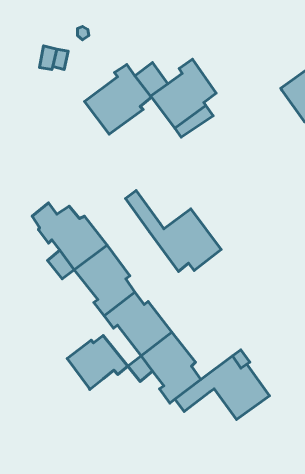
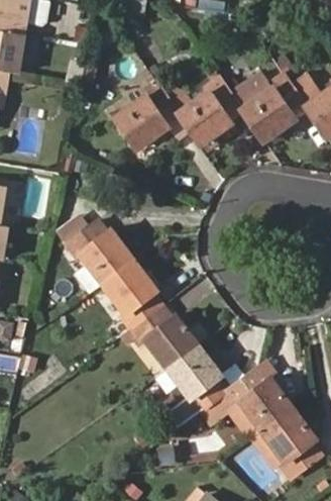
building: none -> [240,71,305,140]
building: [125,191,221,272] -> none
building: [67,336,128,389] -> none
building: none -> [260,406,320,476]

